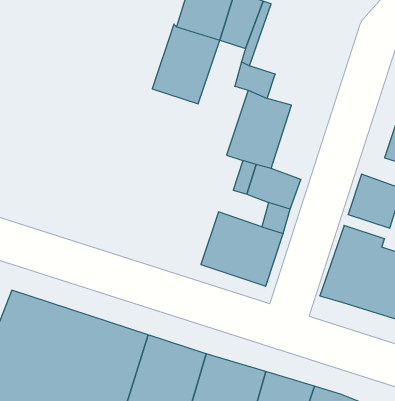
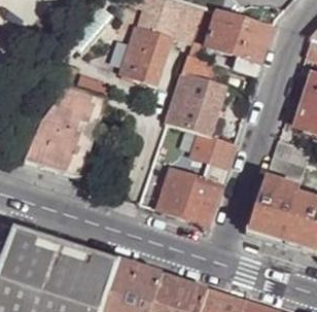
building: none -> [206,9,272,73]
building: none -> [25,84,105,175]

